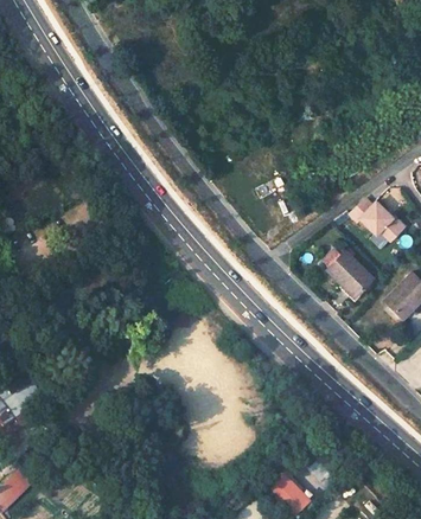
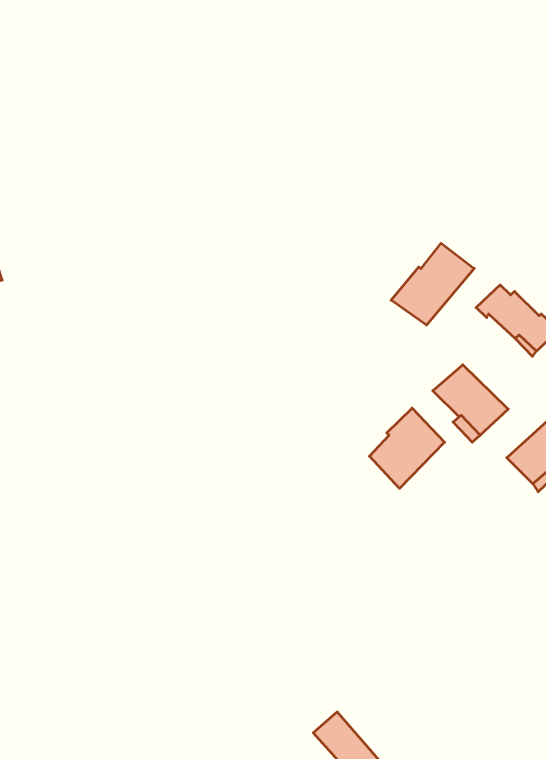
building: none -> [391,243,474,325]
building: none -> [369,408,445,488]

